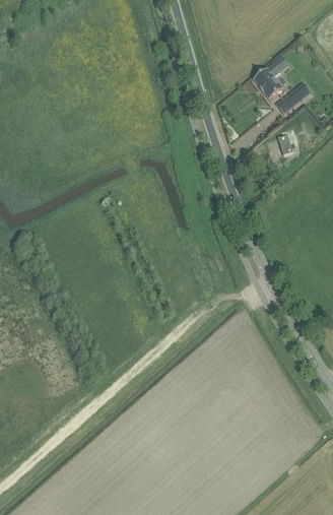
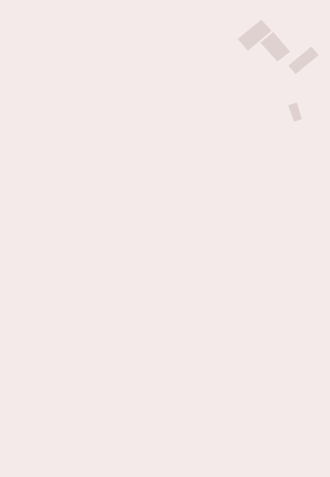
building: none -> [237,19,272,52]

